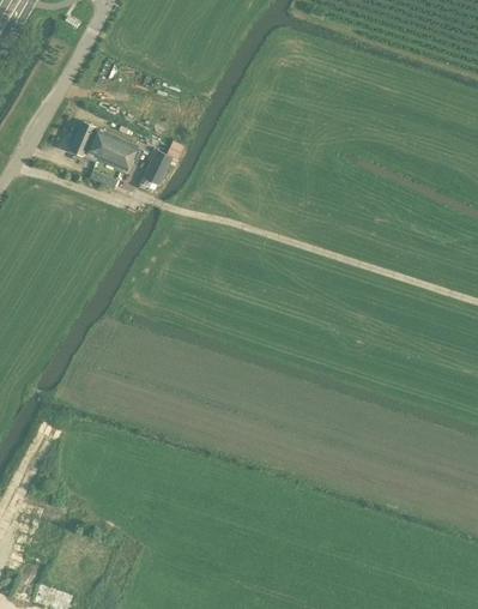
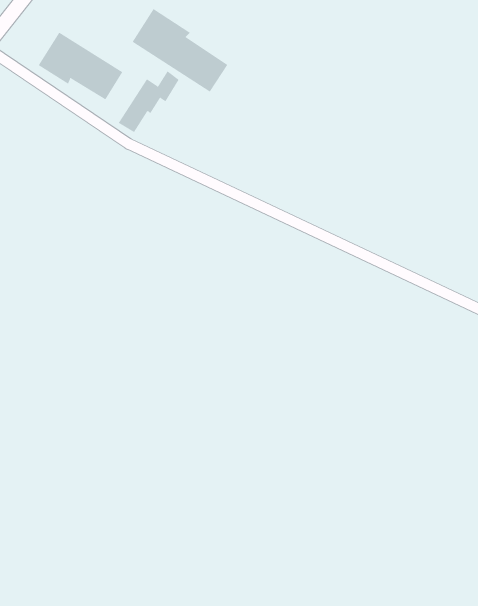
building: none -> [132,8,228,93]

